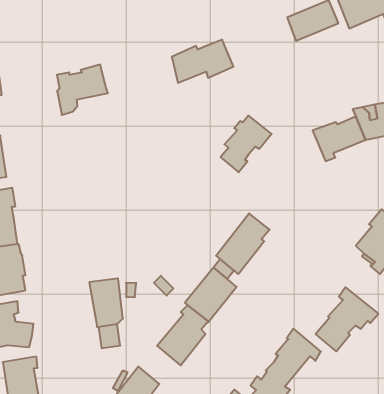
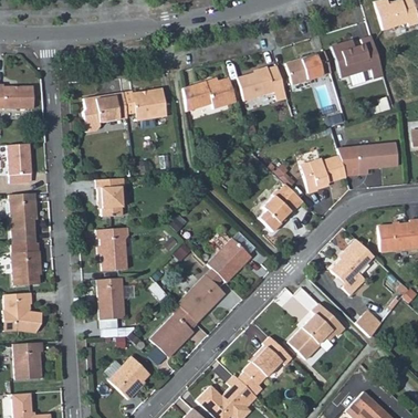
building: none -> [239,65,288,101]
building: none -> [122,87,166,119]
building: [221,116,272,172] -> [259,185,305,233]
building: none -> [94,179,123,218]
building: none -> [95,228,127,270]

